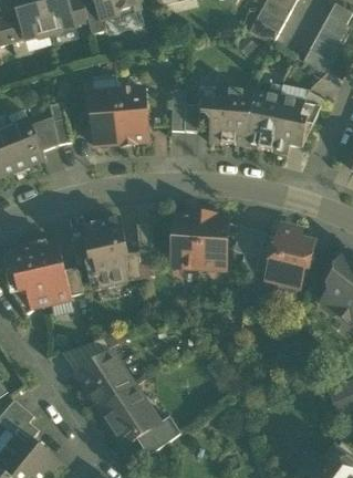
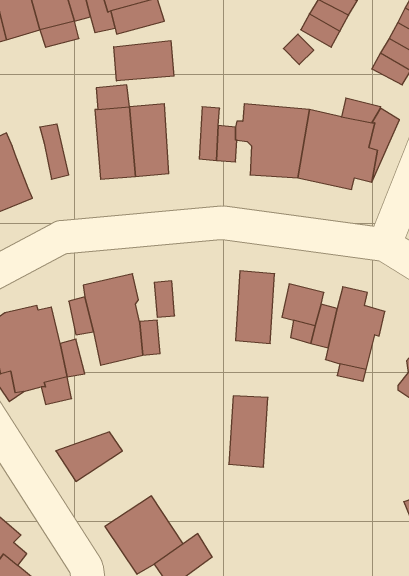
building: none -> [114,41,174,81]
building: [30,117,58,152] -> none
building: [172,214,201,268] -> [229,396,268,467]
building: [76,352,134,409] -> none

